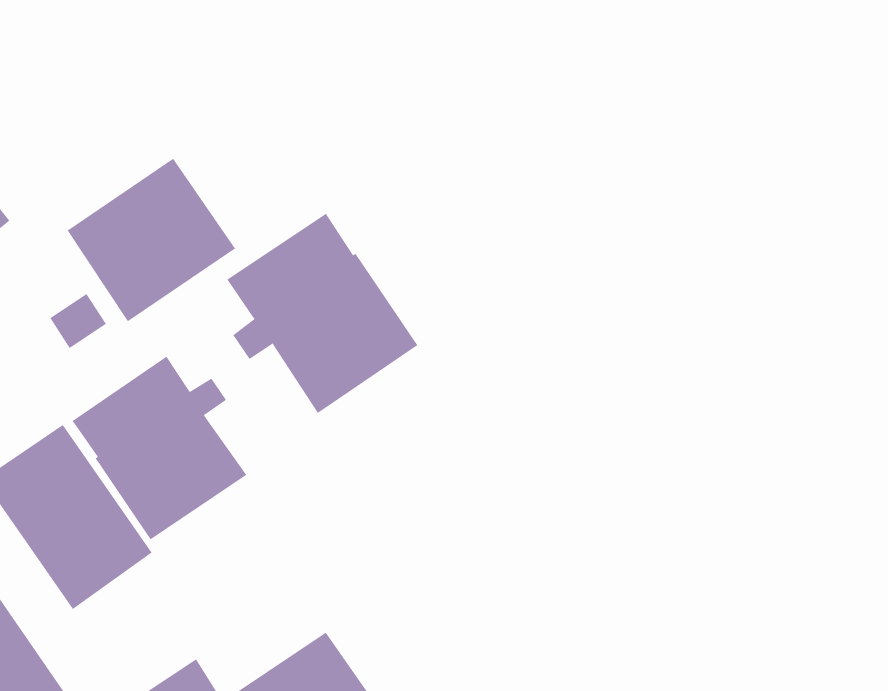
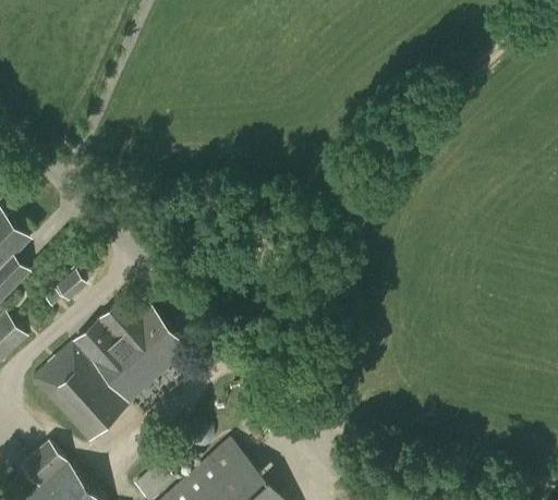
building: [67,158,236,322] -> none
building: [226,213,418,414] -> none

